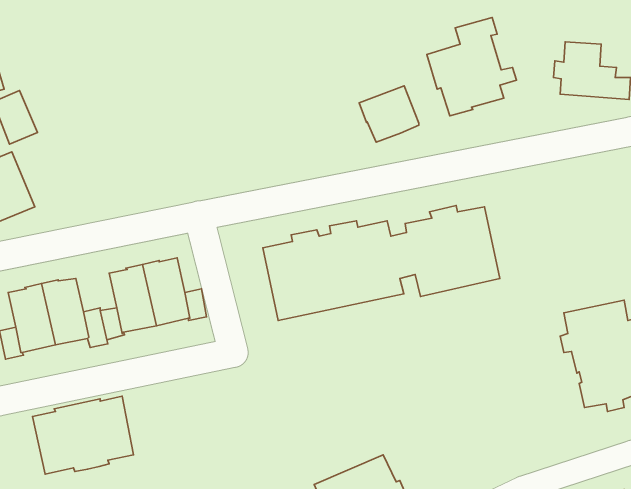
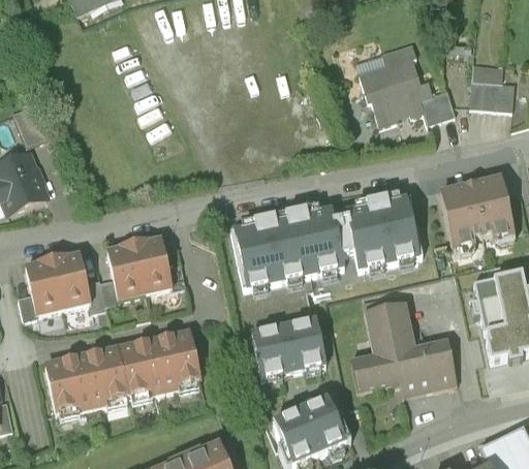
building: none -> [422,90,458,123]
building: [359,86,419,142] -> none
building: none -> [440,176,514,246]
building: none -> [350,294,457,394]
building: none -> [251,317,324,377]
building: none -> [117,334,200,397]

